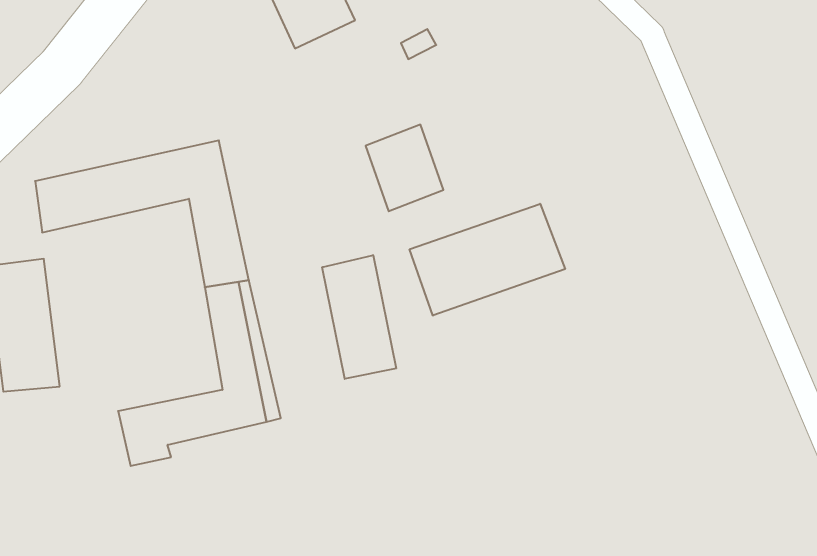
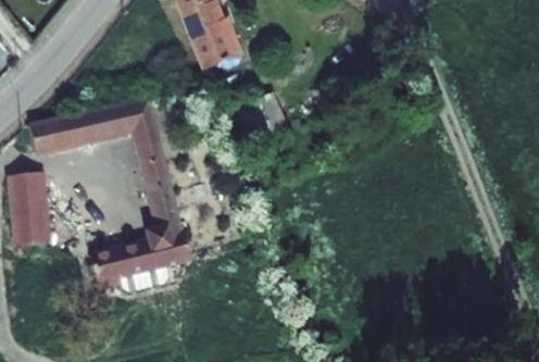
building: none -> [196,20,253,71]
building: [410,204,565,316] -> none
building: [322,255,396,379] -> none

